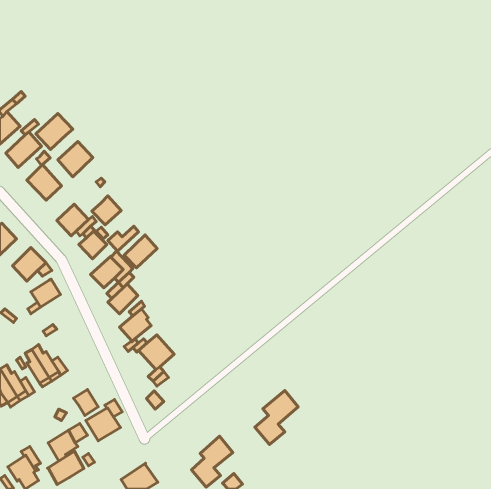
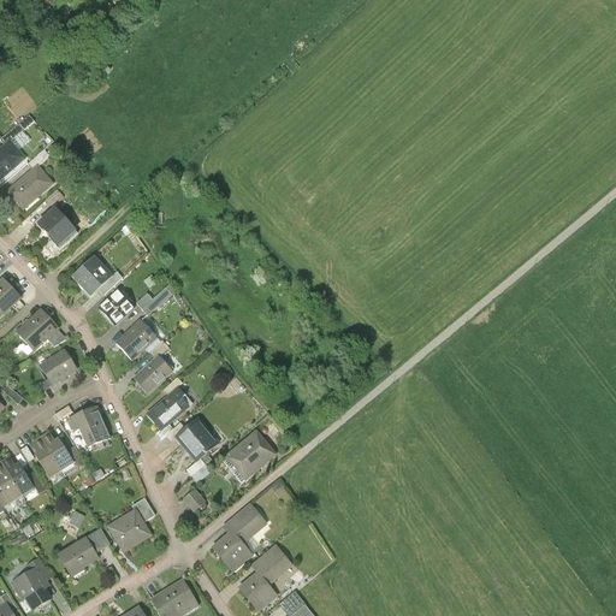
building: [36,113,73,150] -> none
building: [58,141,93,177] -> none
building: [92,196,121,225] -> none
building: [124,235,157,268] -> none
building: none -> [69,407,111,449]
building: none -> [225,432,274,480]
building: [74,389,98,416] -> none
building: [255,390,298,444] -> [213,502,267,569]
building: [47,451,84,484] -> none

